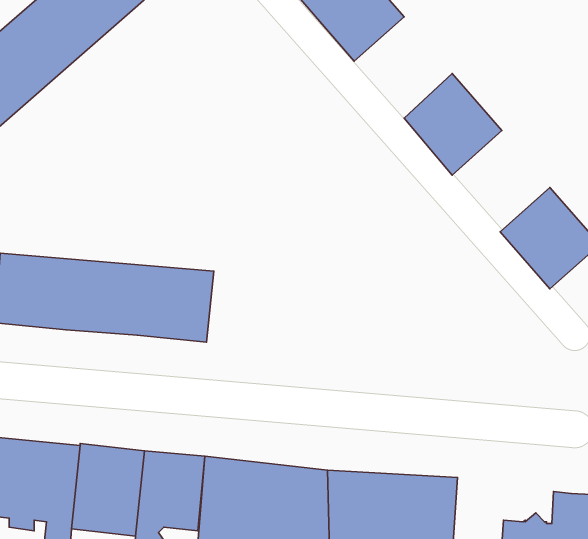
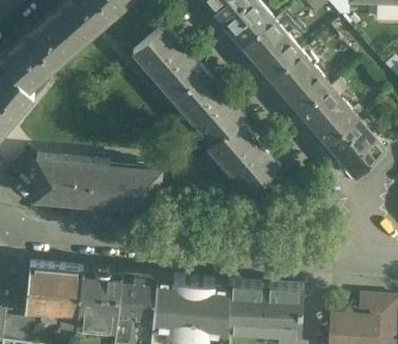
building: none -> [243,21,300,80]
building: none -> [133,27,279,197]
building: none -> [300,87,357,146]

